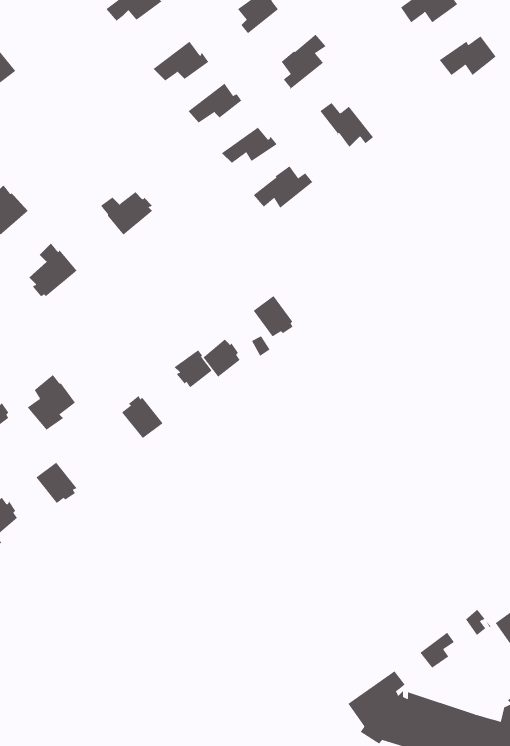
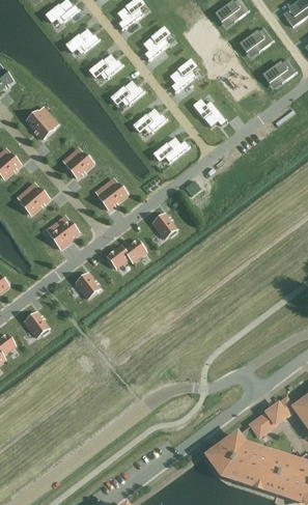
building: none -> [26,109,54,138]
building: none -> [95,181,128,208]
building: [27,374,76,430] -> [49,215,78,248]

